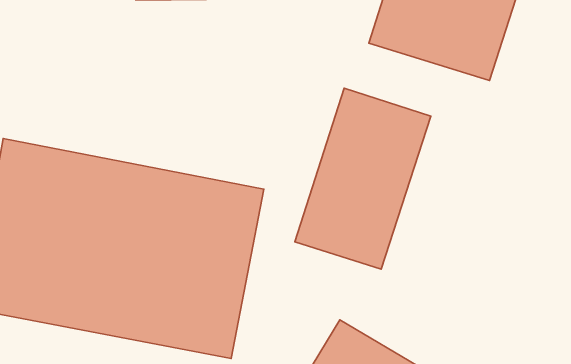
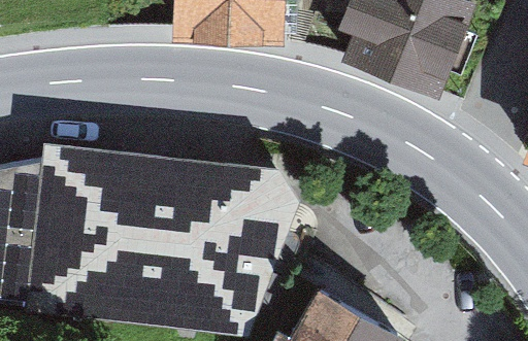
building: [295,88,431,269] -> none

